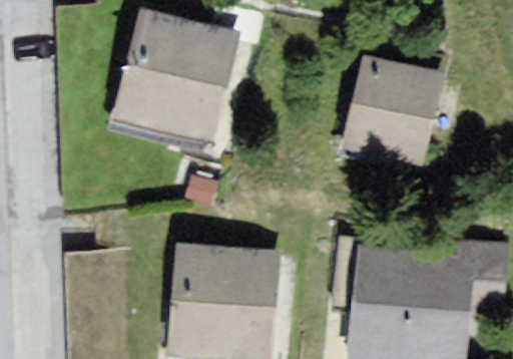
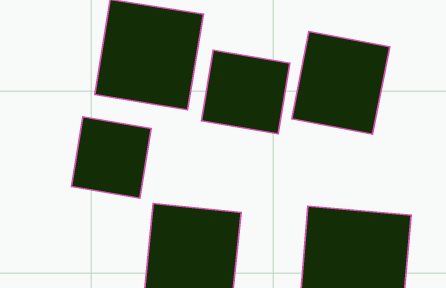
building: none -> [202,50,290,134]
building: none -> [71,117,151,198]

